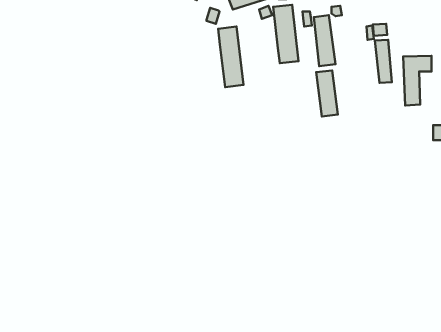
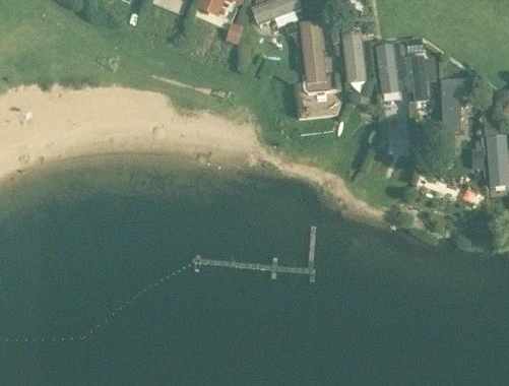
building: [218,26,243,87] -> none
building: [316,70,338,117] -> [377,48,400,98]

